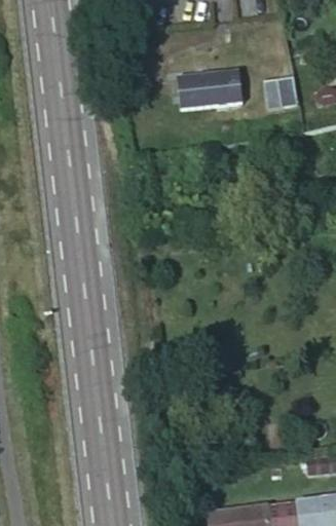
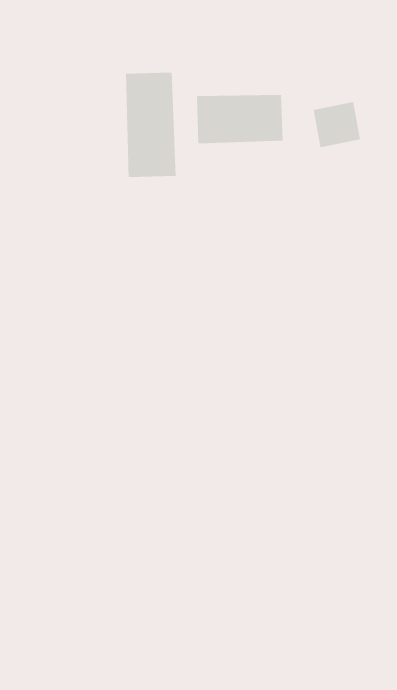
building: none -> [125,72,176,178]

